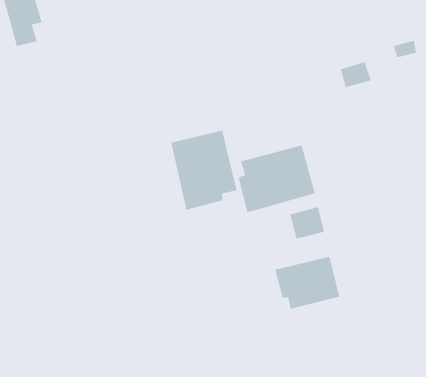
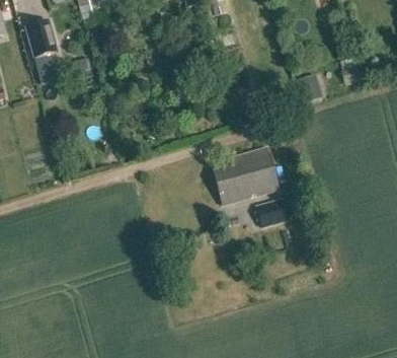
building: [169,130,237,211] -> none
building: [275,255,340,309] -> none

